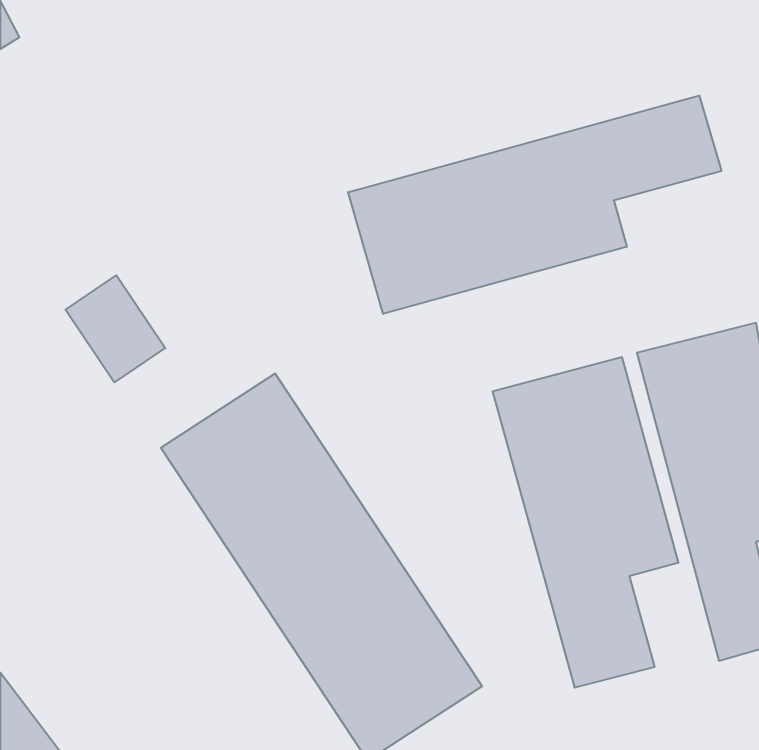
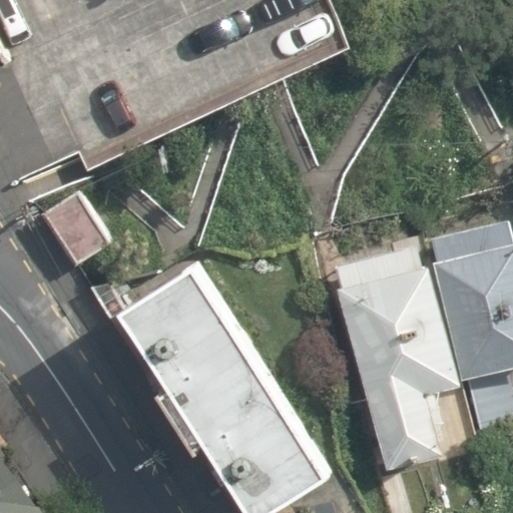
building: [348,96,721,314] -> none

